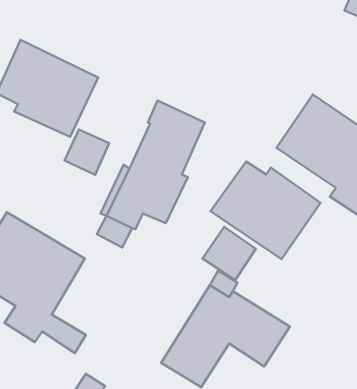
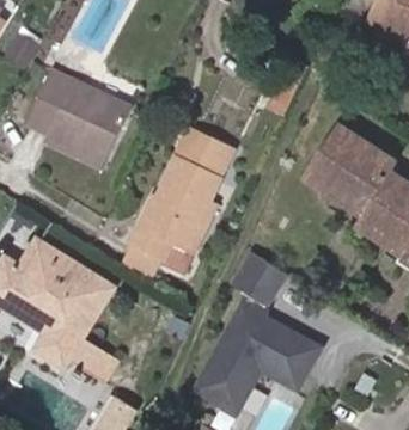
building: [64,130,109,175] -> none
building: [211,161,320,259] -> none

